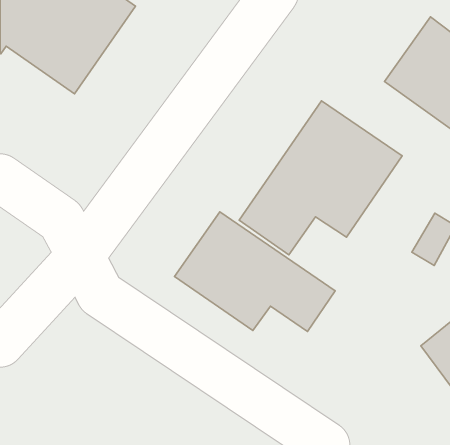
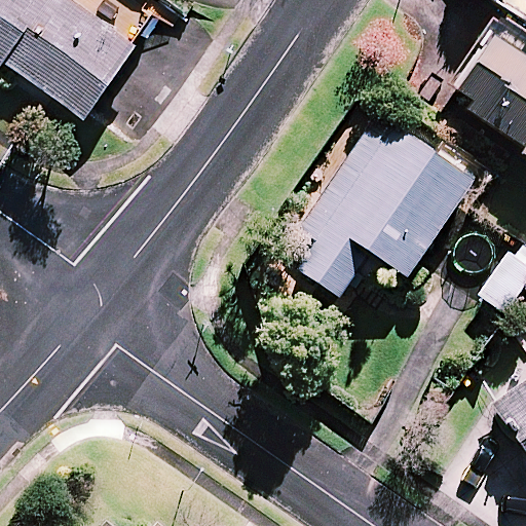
building: [175,212,335,331] -> none

